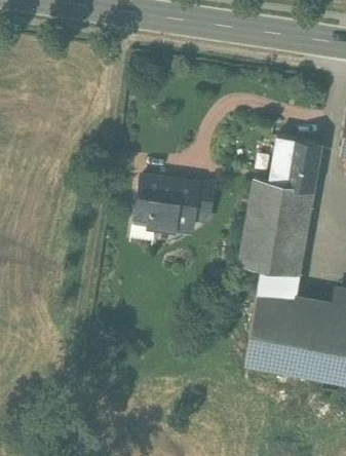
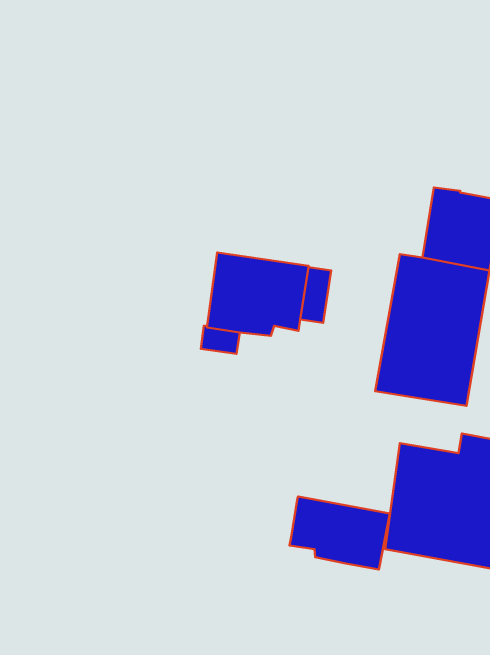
building: [256,270,298,306] -> none
building: none -> [290,497,390,569]

